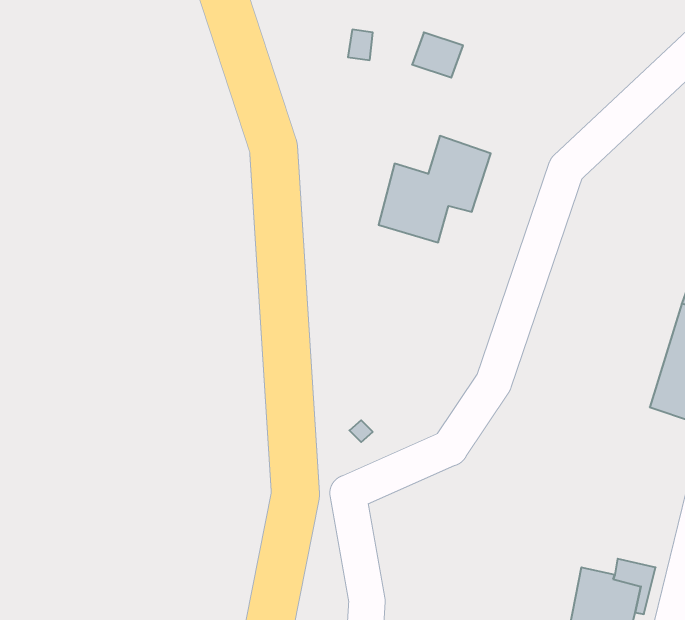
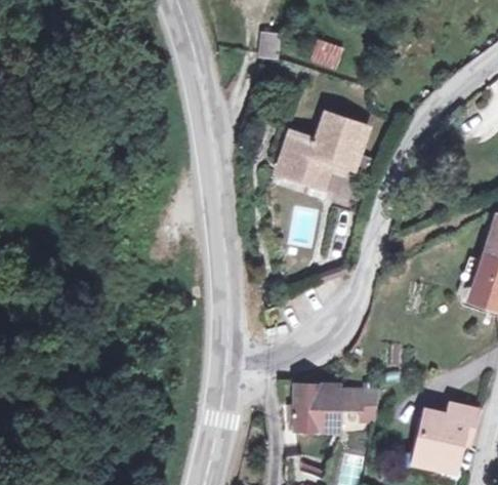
building: none -> [293,386,376,433]

